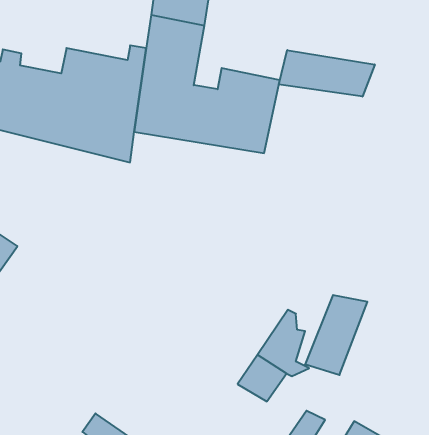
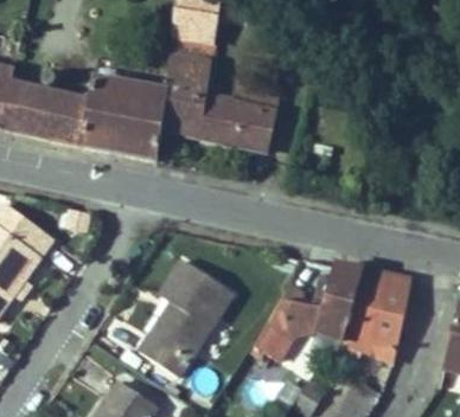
building: [279,50,375,97] -> none
building: none -> [139,267,235,380]
building: none -> [337,283,411,366]

